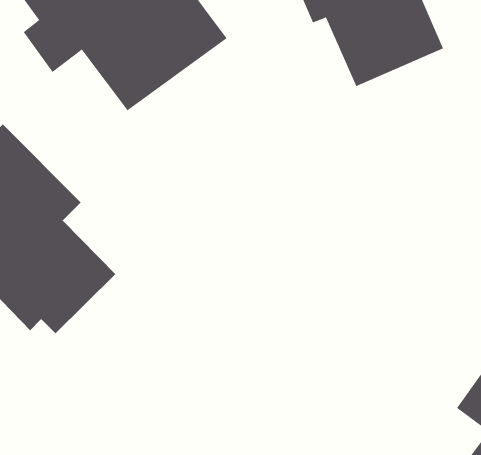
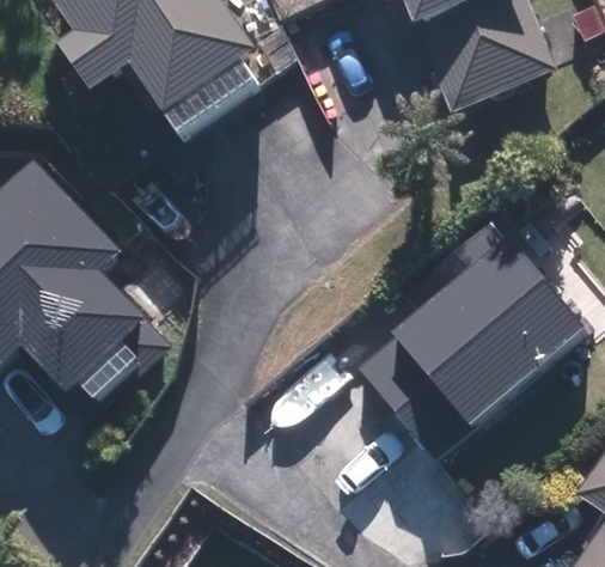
building: none -> [361,233,587,452]

